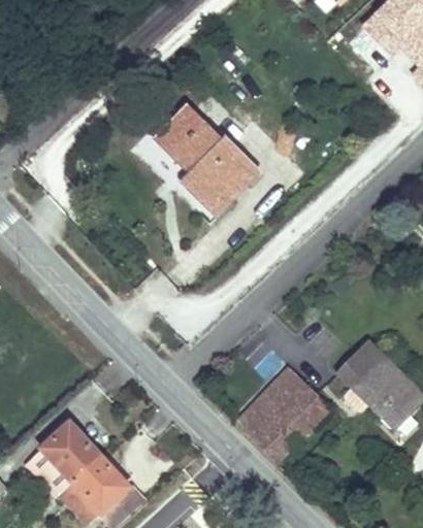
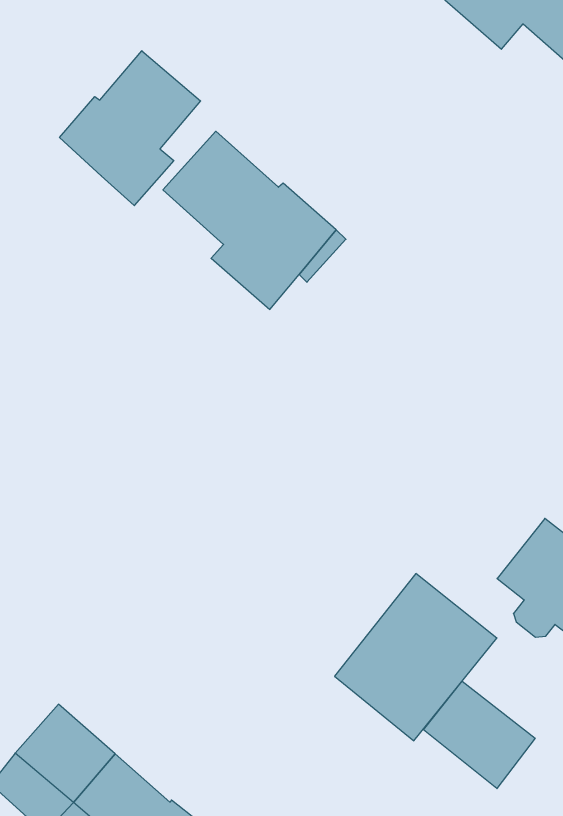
building: none -> [60,51,201,206]
building: none -> [424,681,535,789]

